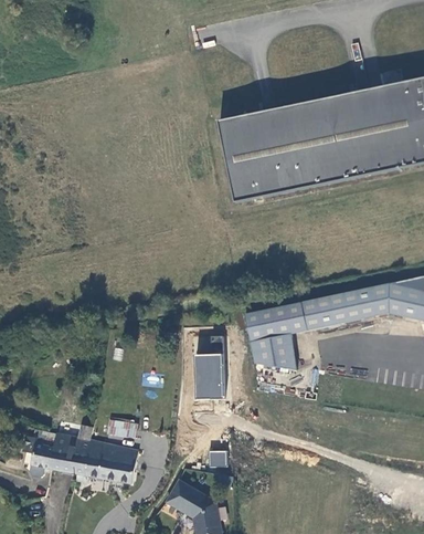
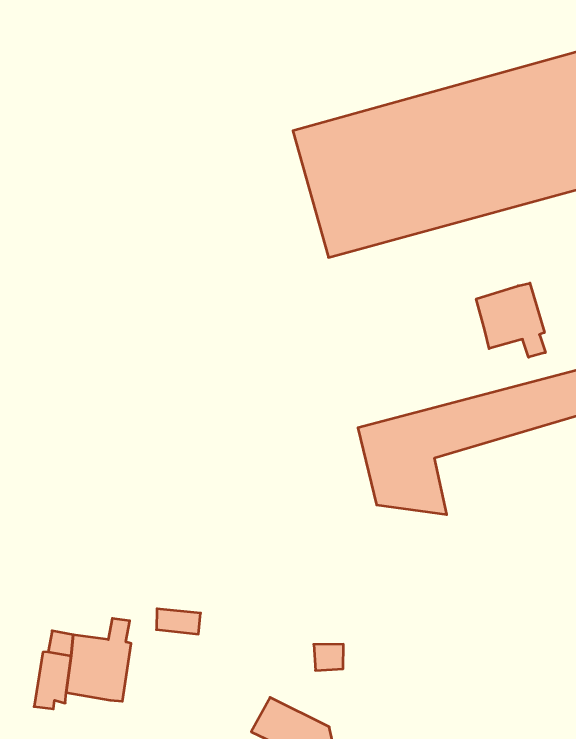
building: none -> [476,283,545,357]
building: [193,333,225,397] -> none
building: [85,440,139,484] -> none

